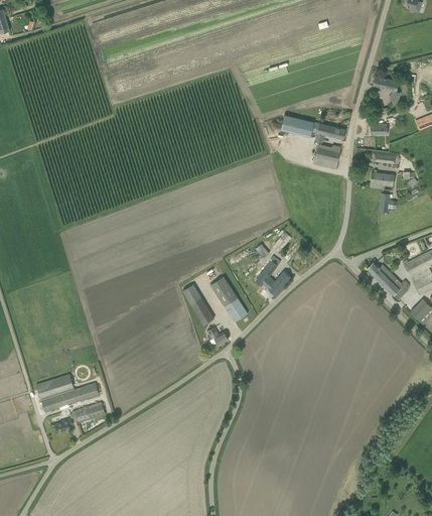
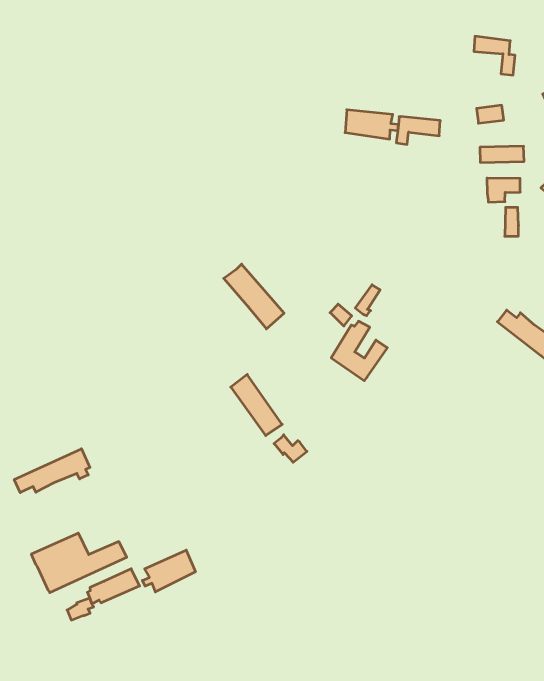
building: [313,144,341,169] -> none
building: [210,276,248,321] -> [224,264,284,329]
building: none -> [14,449,90,493]
building: none -> [142,550,195,592]

